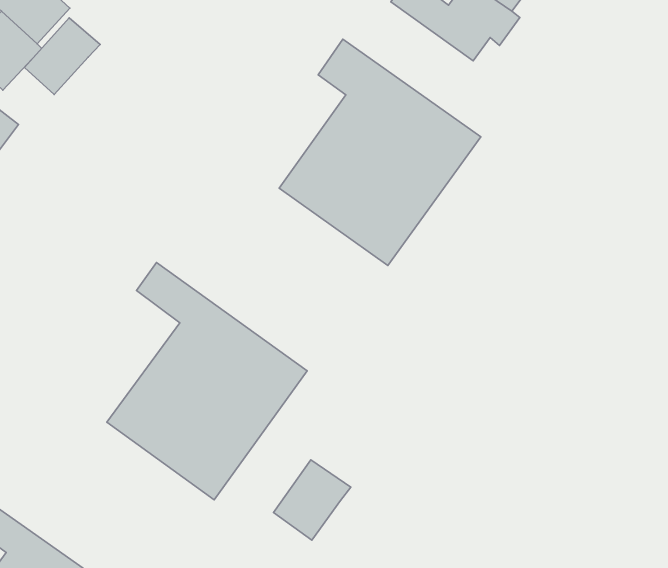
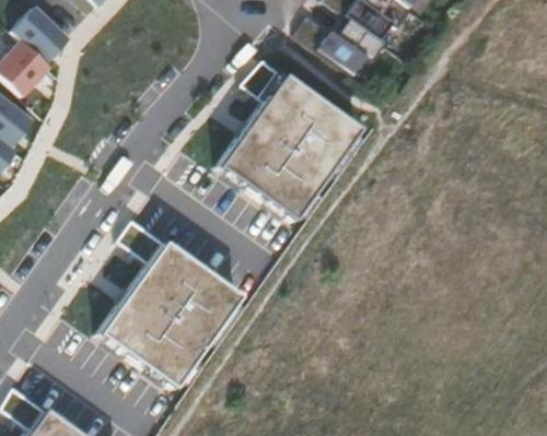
building: [25,18,100,94] -> none
building: [274,460,351,540] -> none

